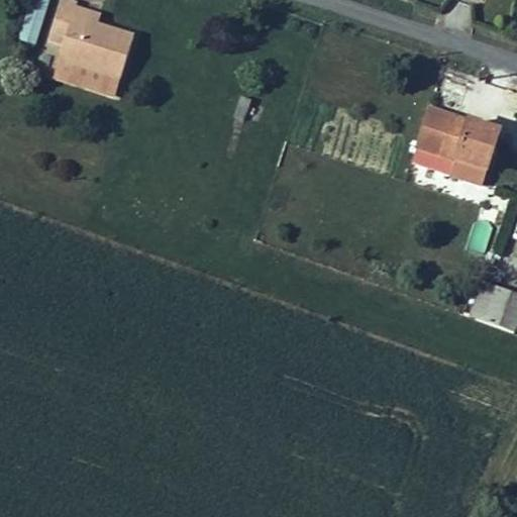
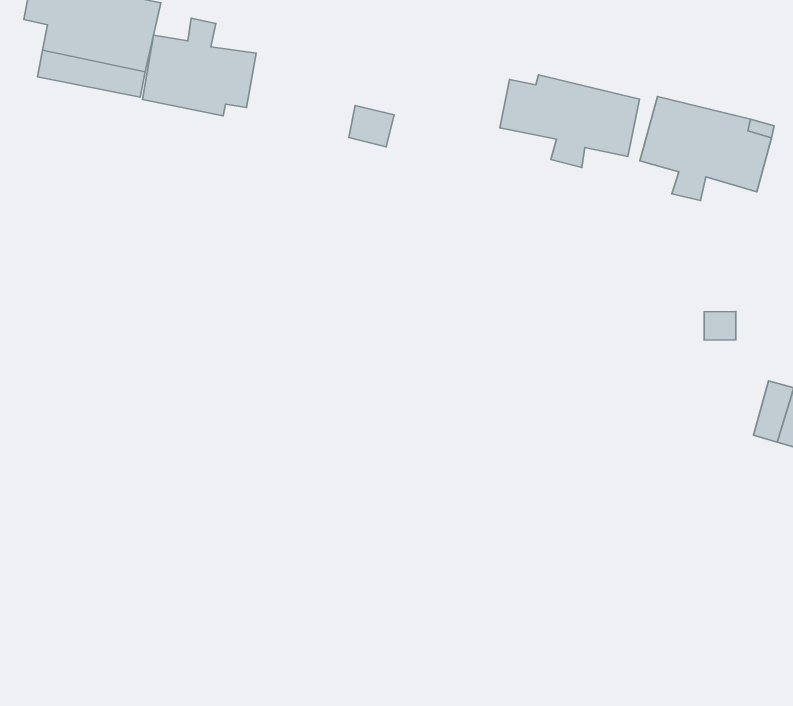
building: none -> [142,18,256,116]
building: none -> [500,75,639,167]

